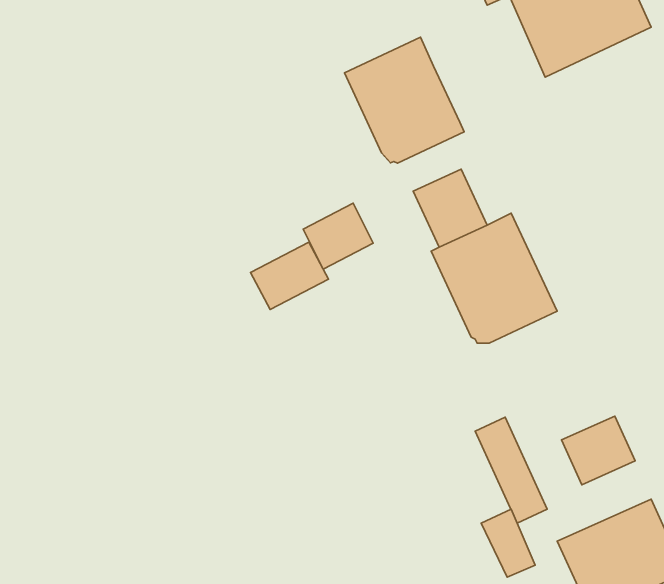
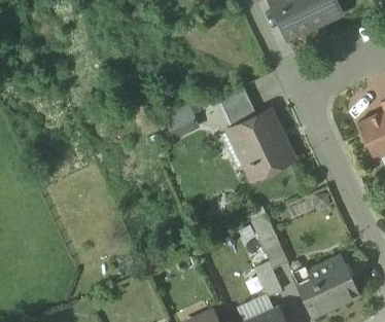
building: [344,37,464,163] -> none
building: [250,242,329,310] -> none
building: [562,416,635,485] -> none

